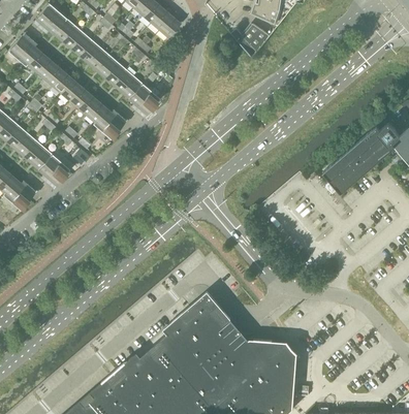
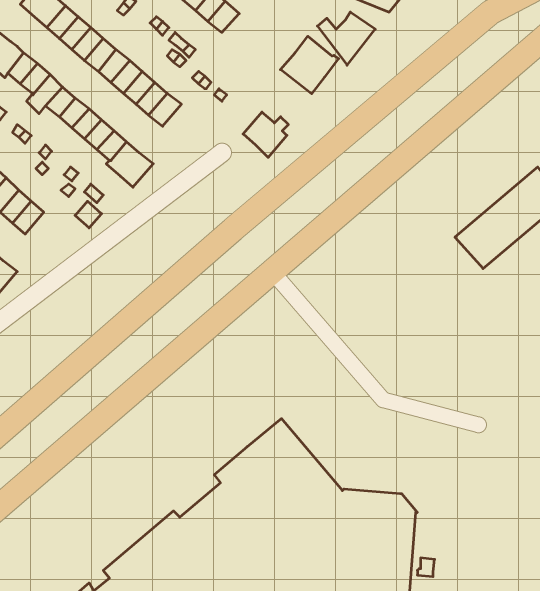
building: none -> [280,36,339,94]
building: [130,84,160,114] -> [243,112,288,157]
building: [39,155,69,184] -> none

